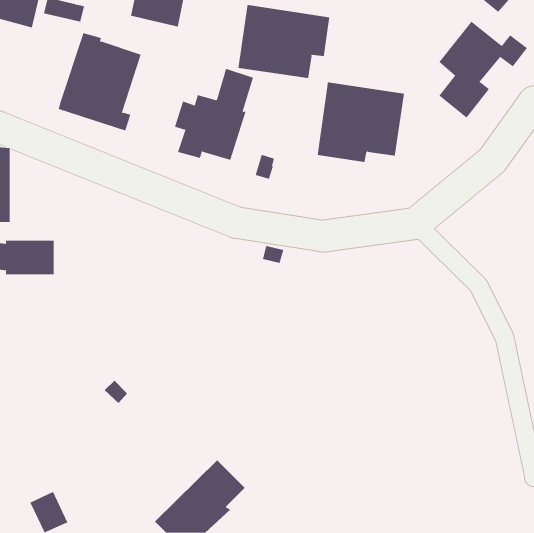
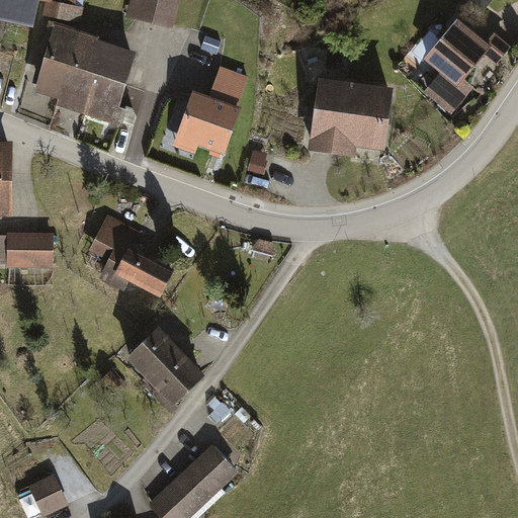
building: [238,4,330,79] -> none
building: none -> [33,23,80,98]
building: none -> [89,213,174,296]
building: none -> [126,327,204,411]

